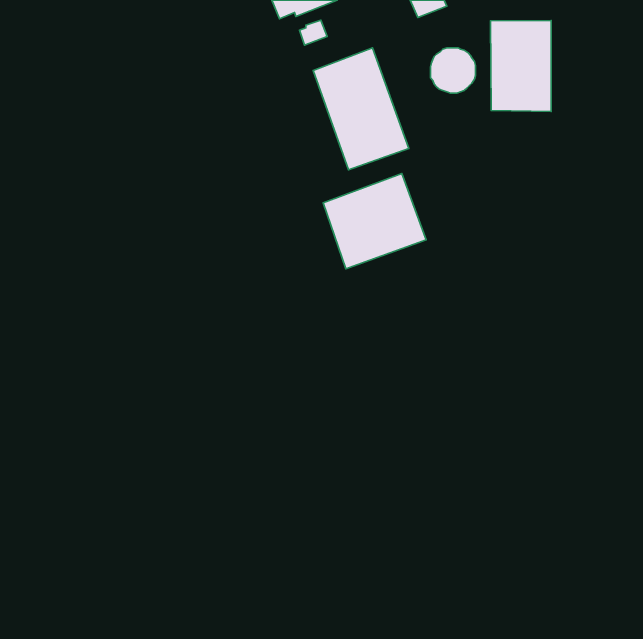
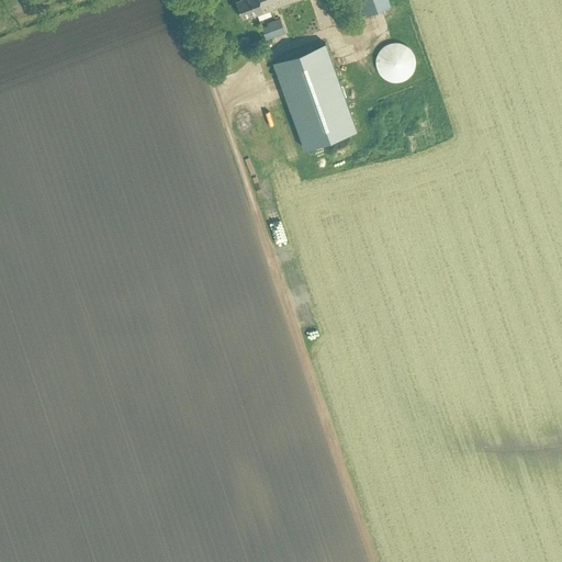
building: [490,20,551,111] -> none
building: [323,174,426,269] -> none

